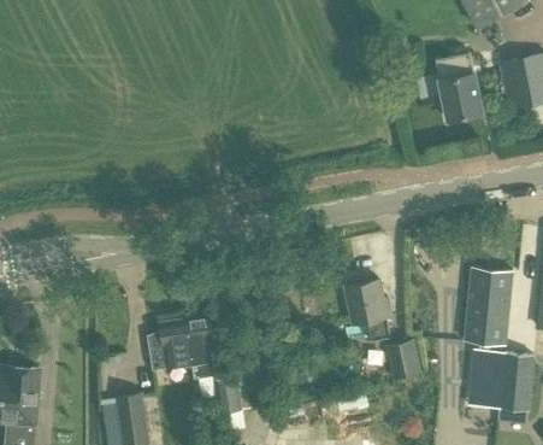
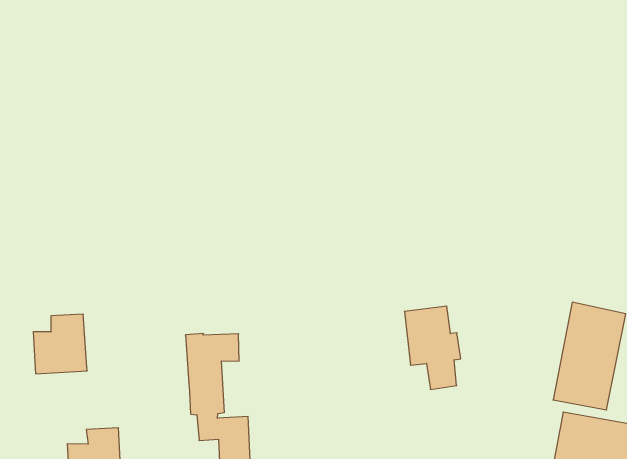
building: [436,53,483,121] -> none
building: [148,320,191,368] -> [33,314,87,374]
building: [388,340,420,387] -> none

